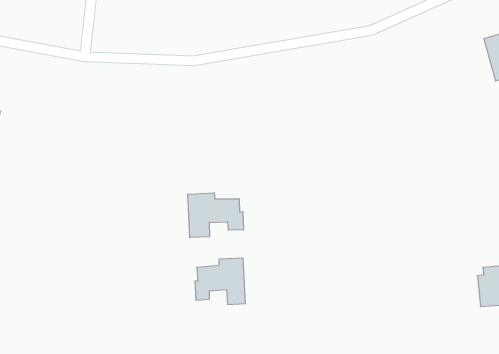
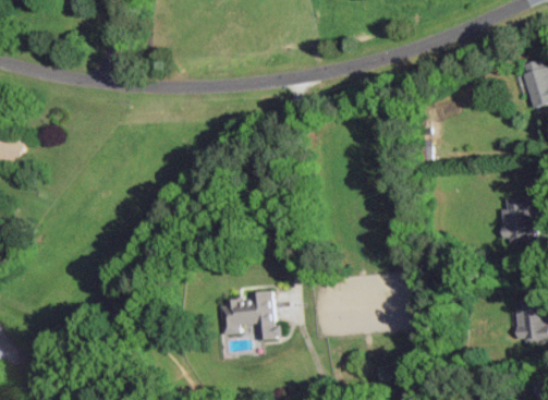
building: none -> [501,204,534,242]
building: [188,193,244,238] -> none

